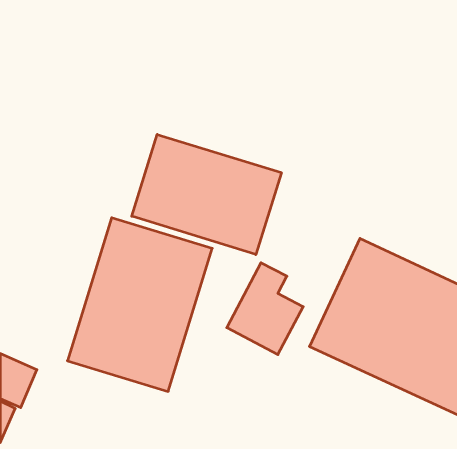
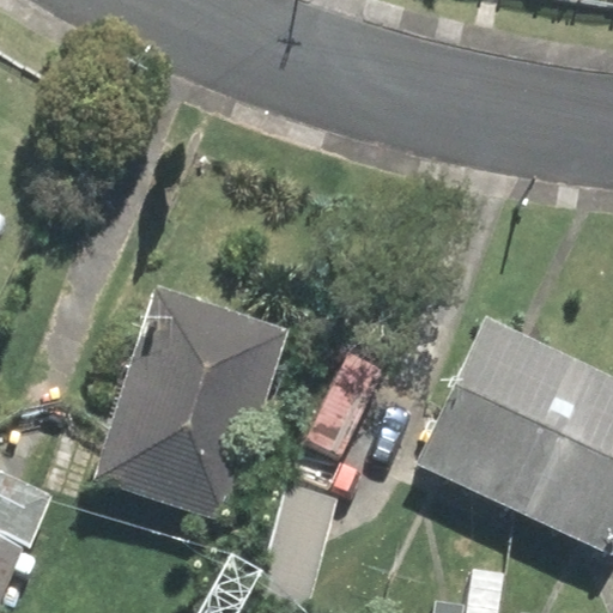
building: [132,134,281,255] -> none

